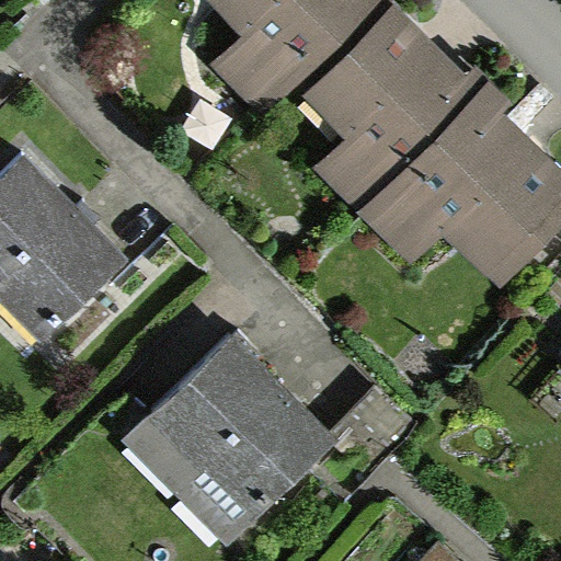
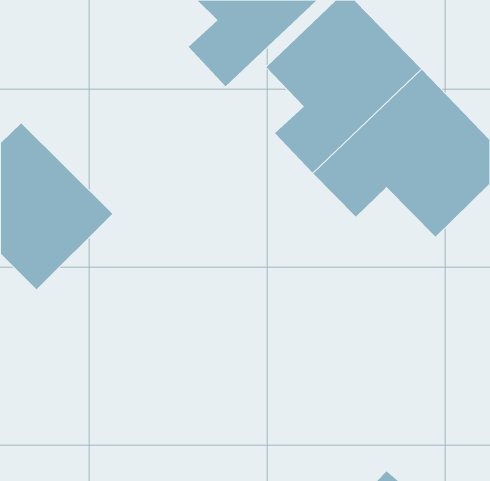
building: [124,345,329,550] -> none

